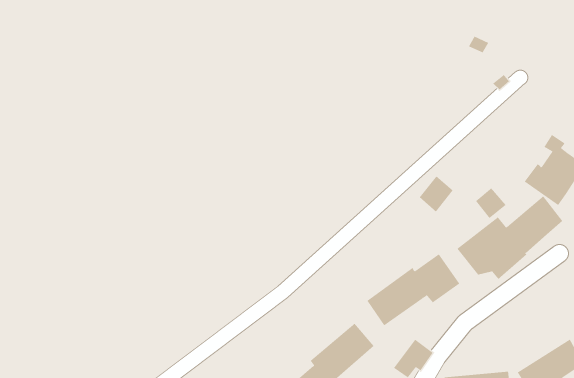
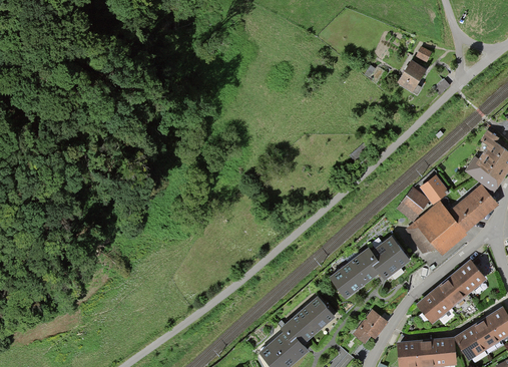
building: none -> [399,59,427,90]
building: [419,175,454,212] -> [399,190,429,222]
building: none -> [419,262,486,323]

